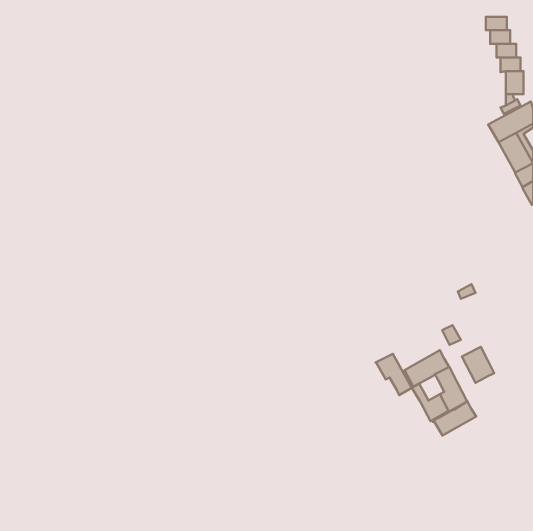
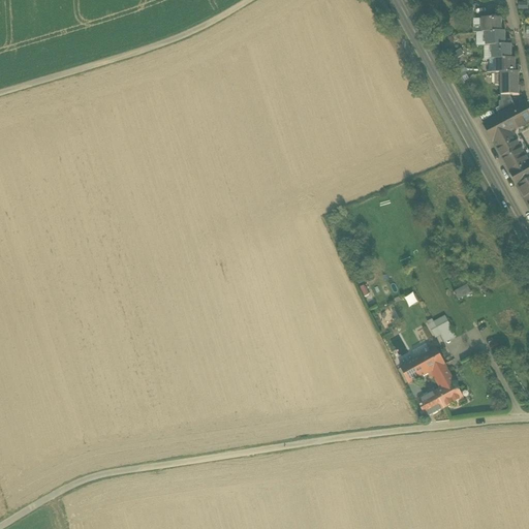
building: [462,347,494,383] -> none
building: [376,354,412,395] -> none
building: [432,401,476,435] -> none

